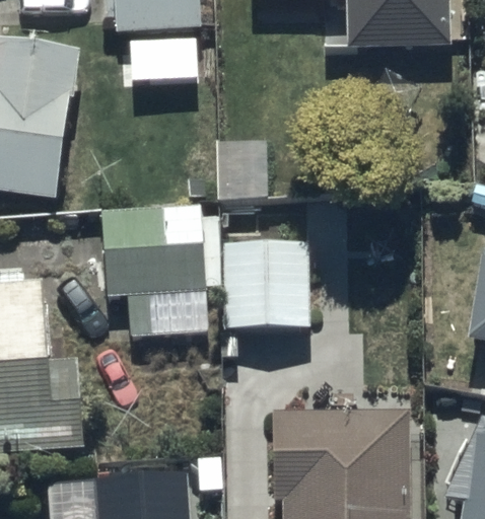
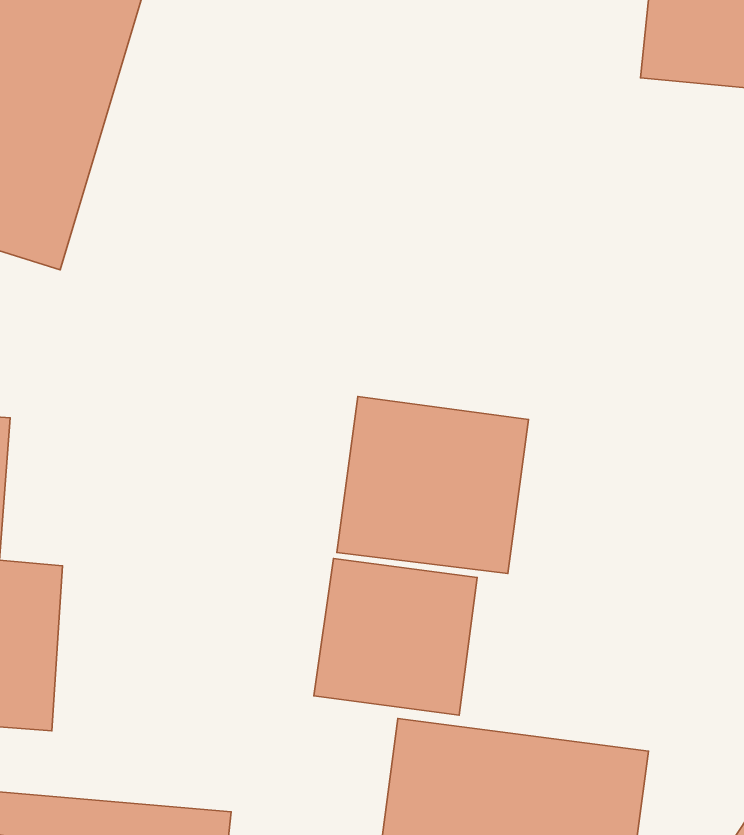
building: [99,202,207,338] -> none
building: none -> [314,558,477,715]

